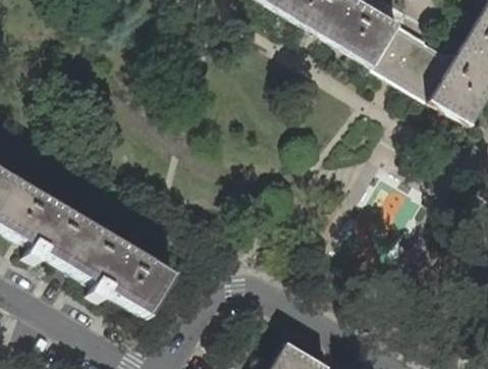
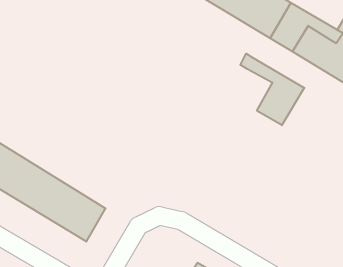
building: none -> [240,54,304,125]

